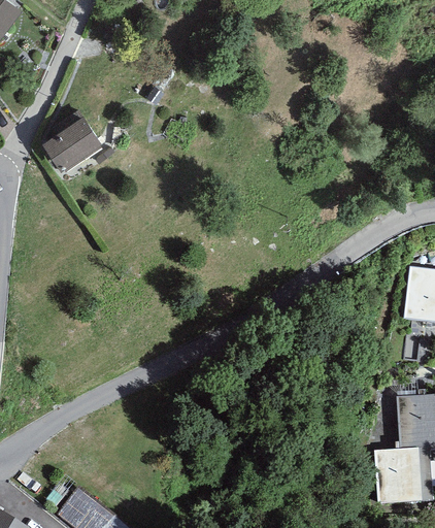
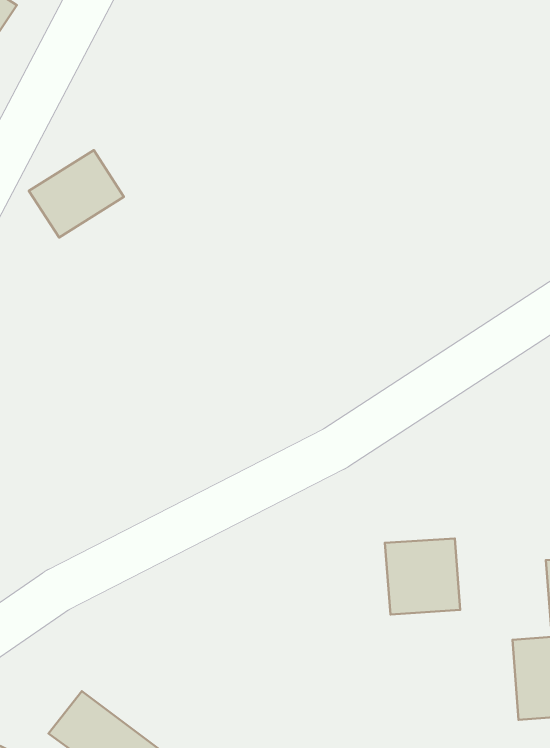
building: none -> [385,538,460,614]

